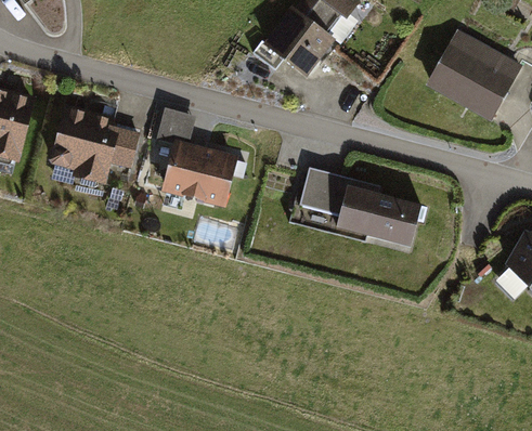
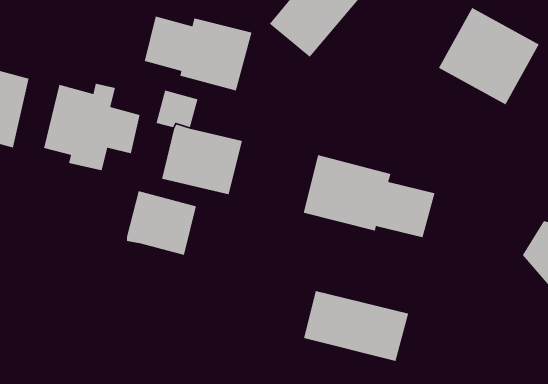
building: none -> [144,15,252,91]
building: none -> [126,190,197,256]
building: none -> [303,290,409,362]

